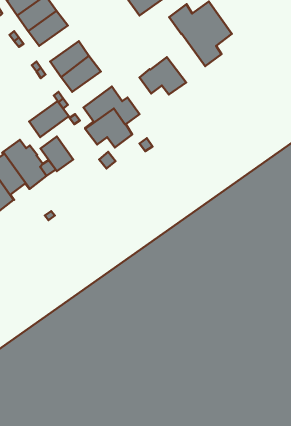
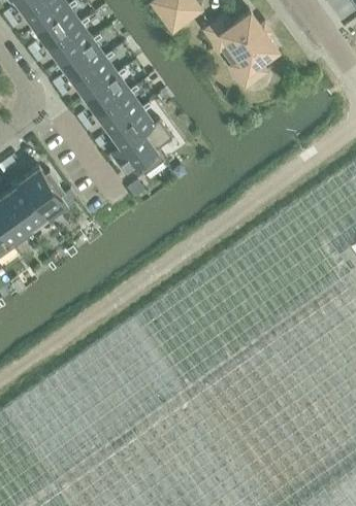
building: none -> [59,39,103,79]
building: [140,57,186,95] -> none
building: [29,101,69,137] -> [96,91,140,131]
building: [41,137,73,171] -> none

